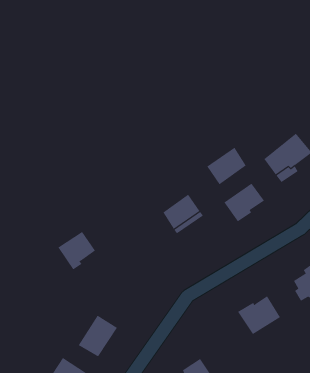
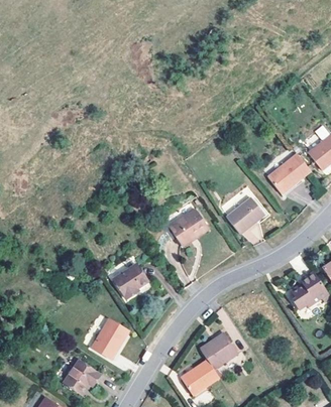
building: [207,147,246,185] -> none
building: [58,231,96,270] -> [113,263,148,299]
building: [237,295,281,335] -> [198,333,238,370]

